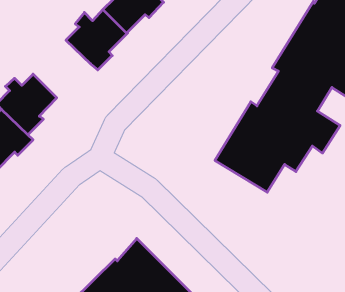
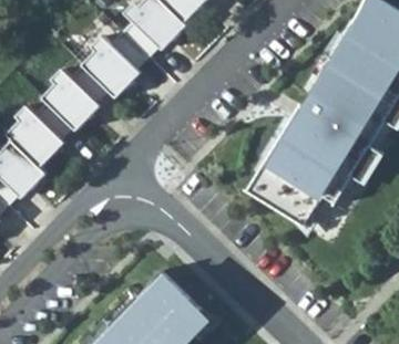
building: none -> [45,61,112,126]

